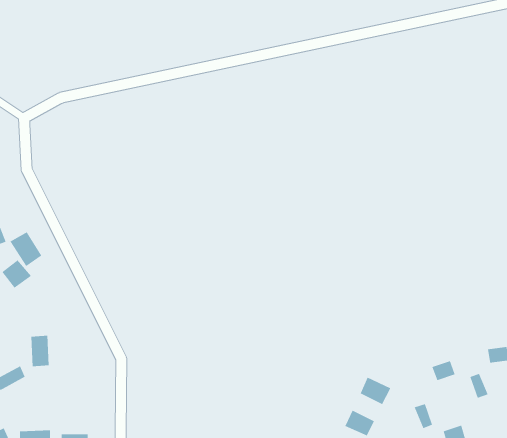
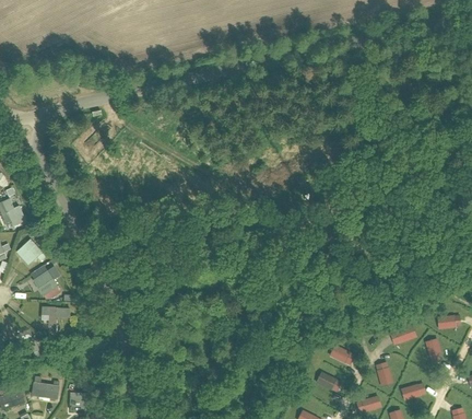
building: [9,232,42,267] -> [34,270,62,301]

